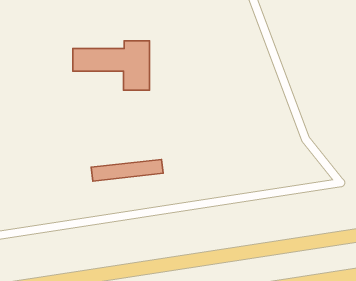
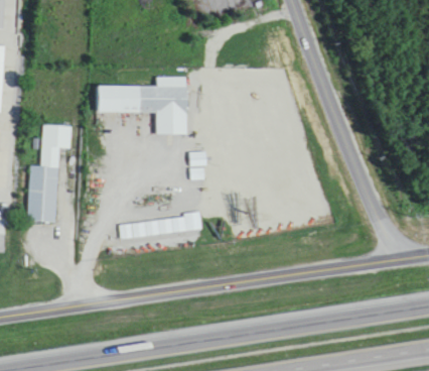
building: none -> [26,125,70,223]

